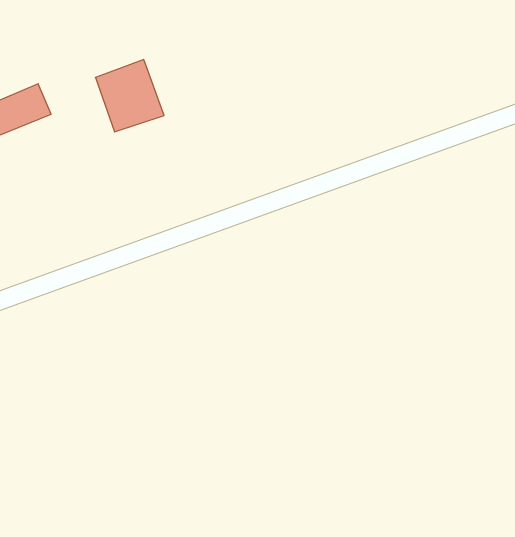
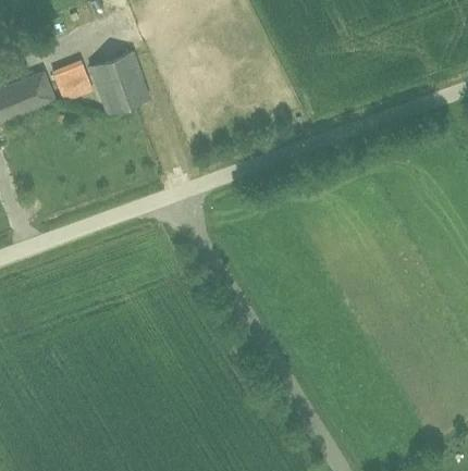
building: none -> [51,63,88,95]

